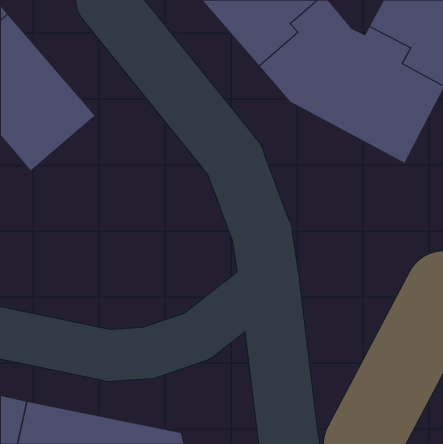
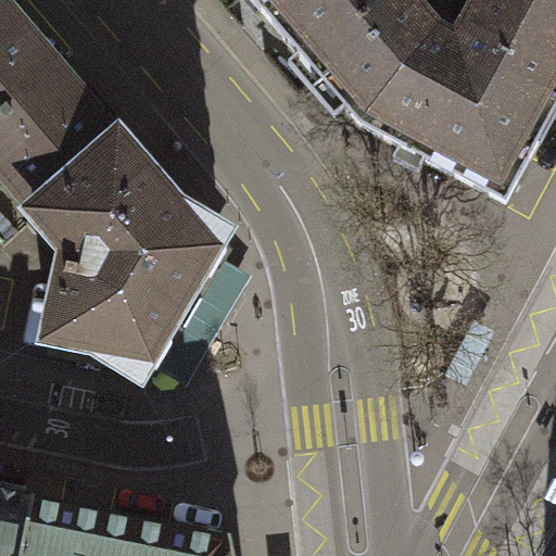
building: none -> [37,144,225,377]

